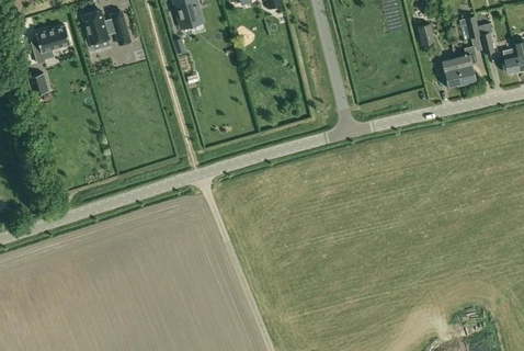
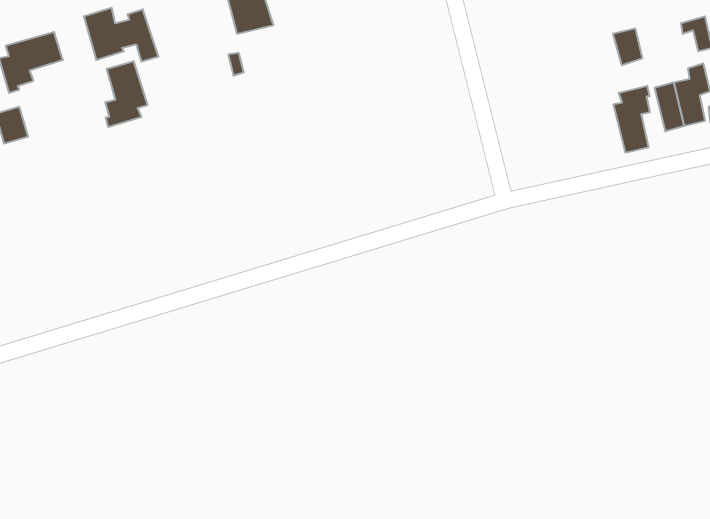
building: none -> [105,61,147,127]
building: none -> [613,86,650,153]

